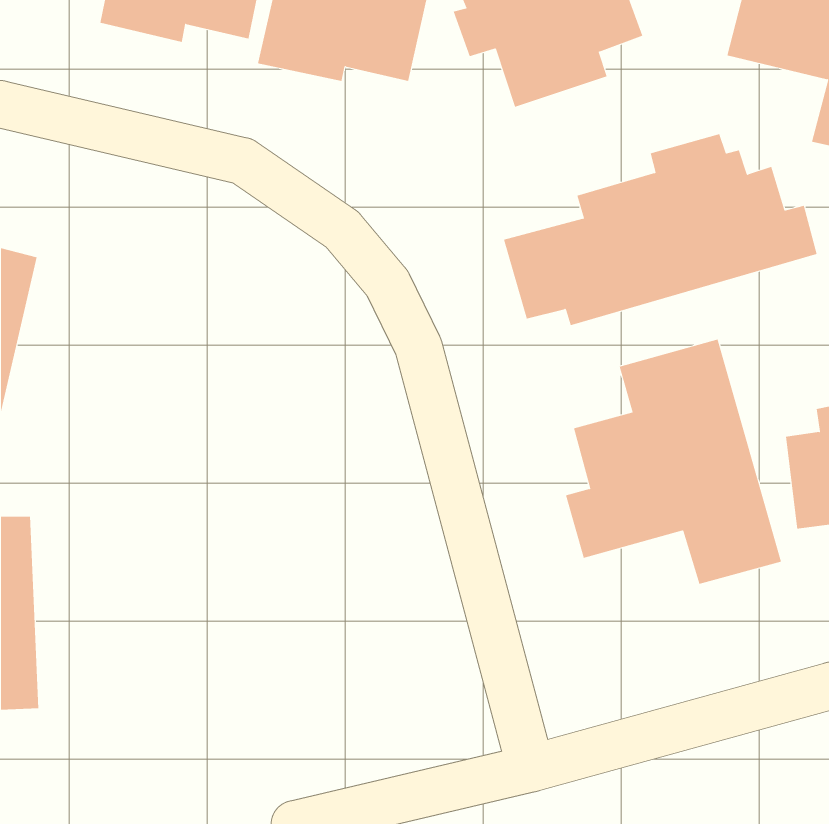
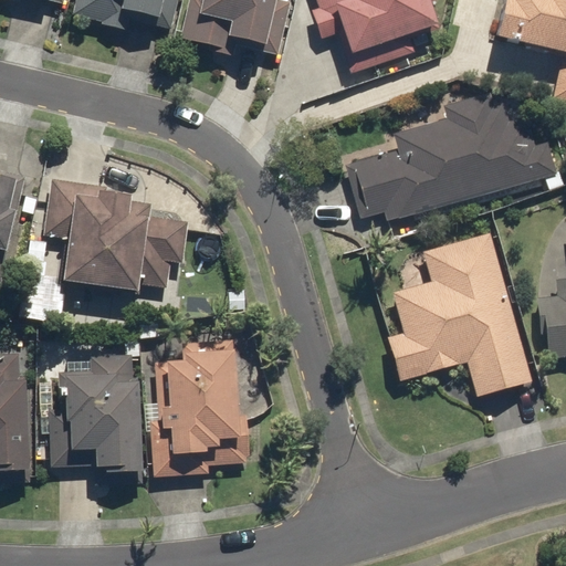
building: none -> [42,177,189,293]
building: none -> [148,339,250,475]
building: none -> [46,353,144,485]

